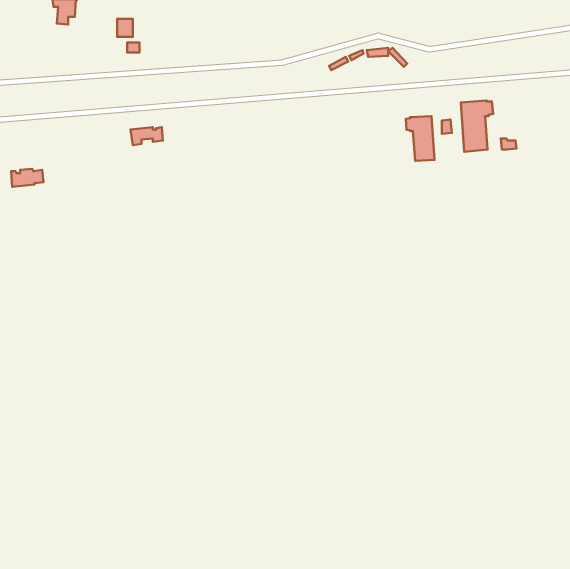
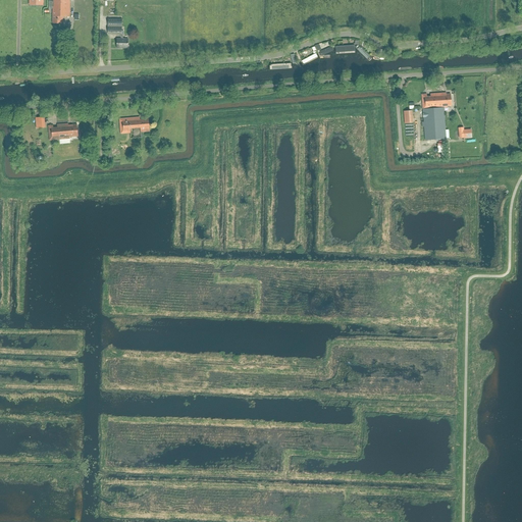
building: [406,116,434,161] -> none
building: [11,169,43,187] -> [48,122,77,139]

